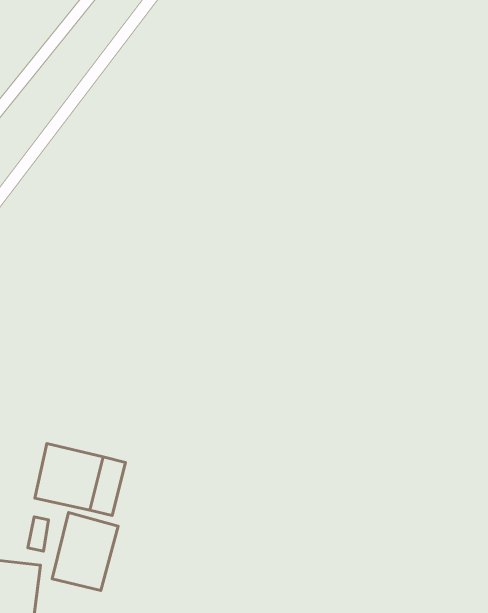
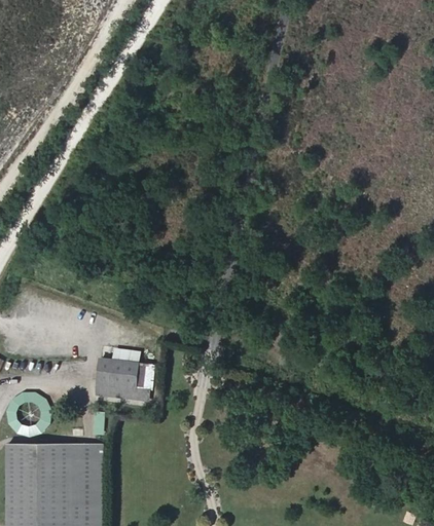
building: [52,513,118,590] -> none

